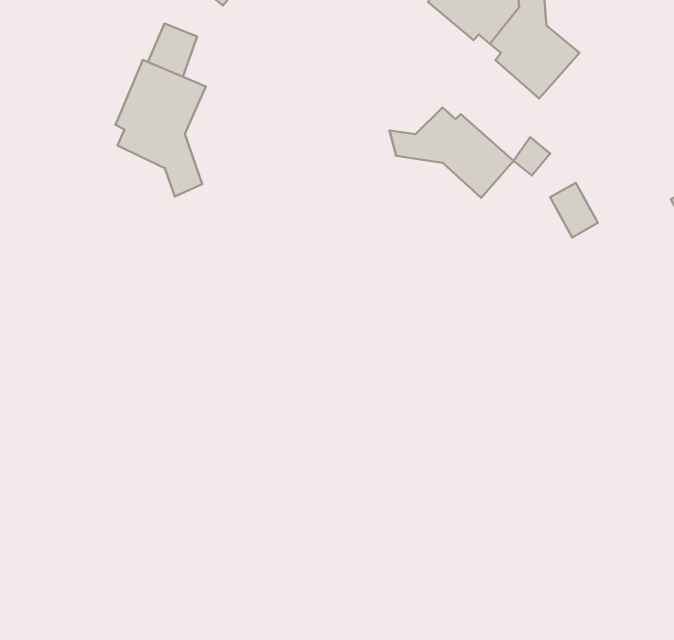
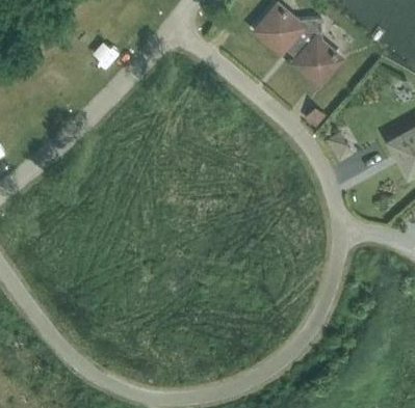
building: [115,60,206,196] -> none
building: [389,107,514,198] -> none

